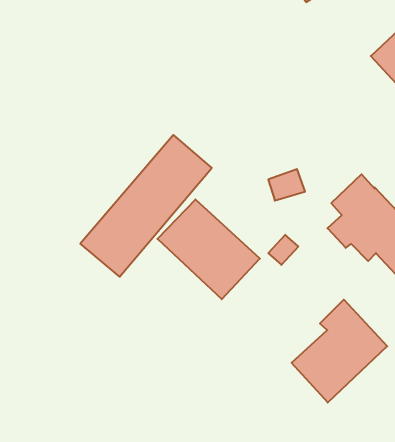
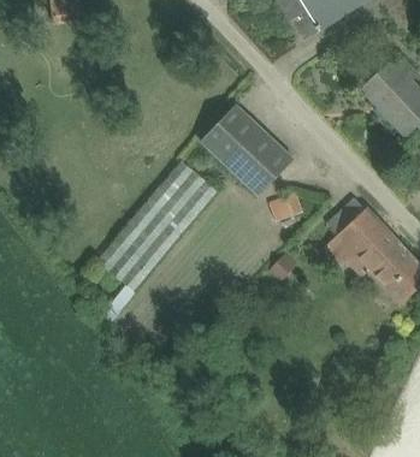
building: [157,199,260,299] -> [200,105,294,196]
building: [292,300,387,403] -> none

